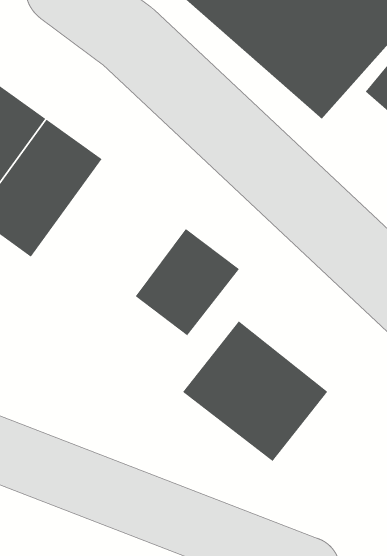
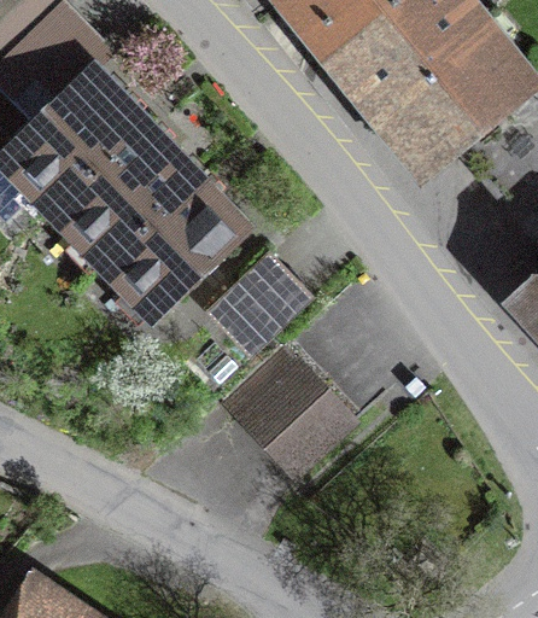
building: none -> [100,175,247,321]

